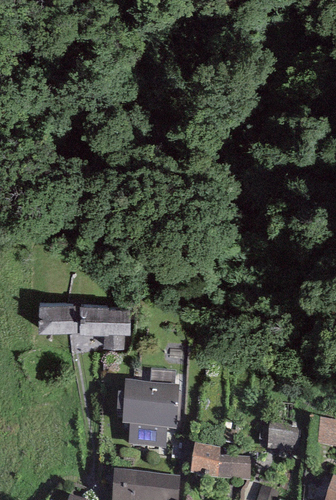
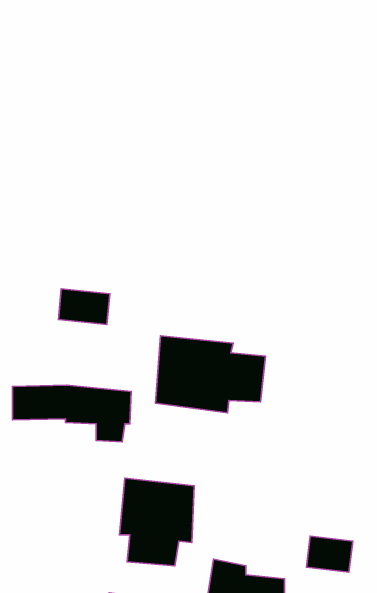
building: none -> [58,289,110,325]
building: none -> [156,336,266,413]

